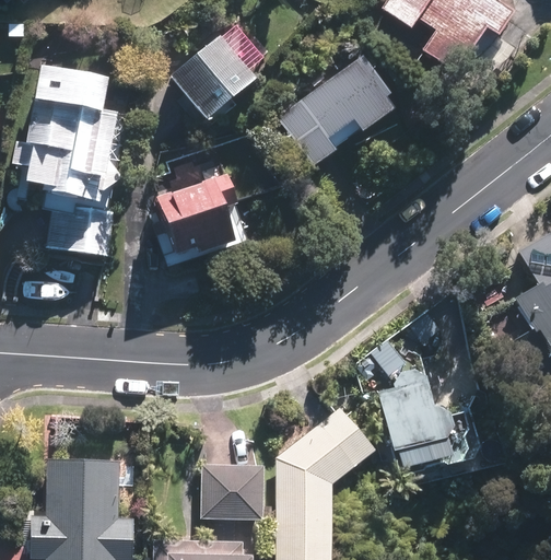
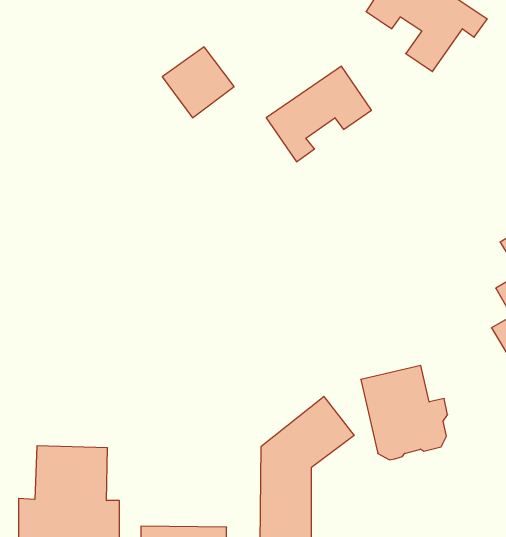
building: [23,69,118,261] -> none
building: [160,184,244,260] -> none
building: [203,462,262,515] -> none

